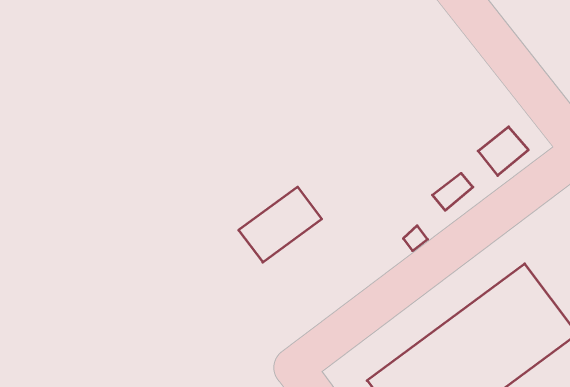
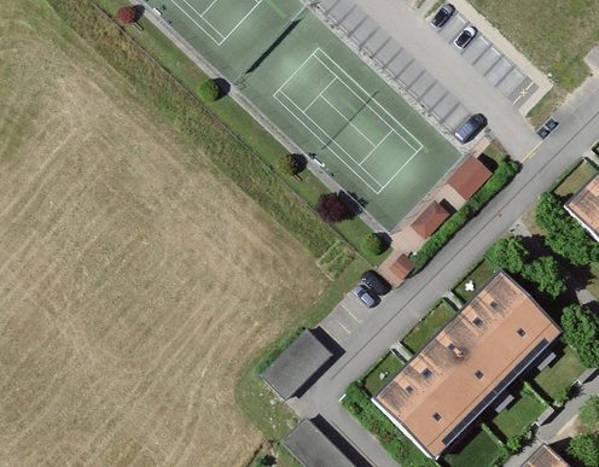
building: [239,187,322,262] -> [258,331,331,402]

